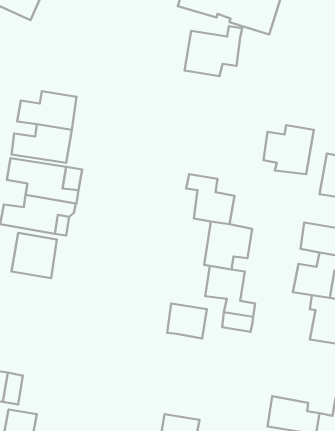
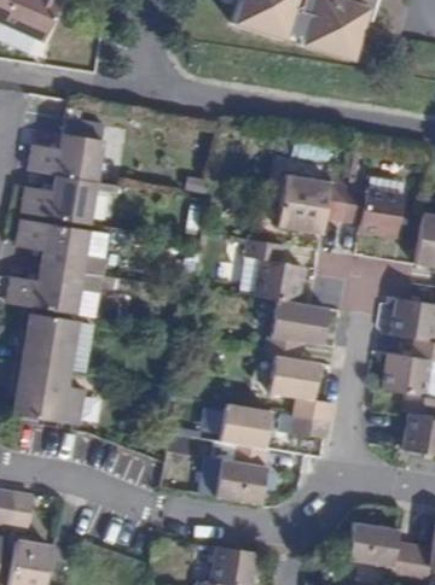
building: [185,26,242,76] -> [276,170,349,234]
building: none -> [11,363,86,426]
building: none -> [214,443,267,504]

